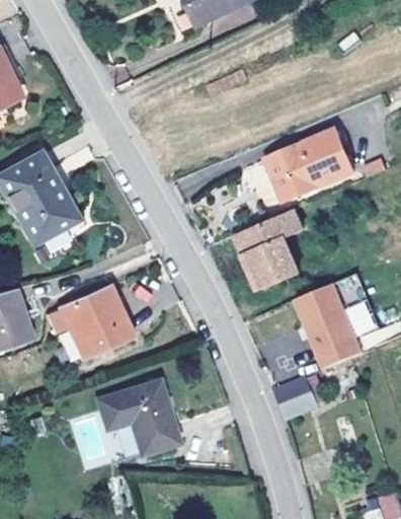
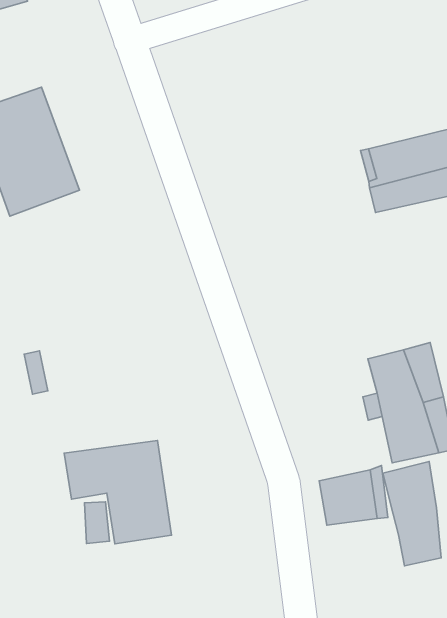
building: [235,209,303,284] -> none
building: [61,286,133,357] -> none
building: none -> [383,461,441,566]

